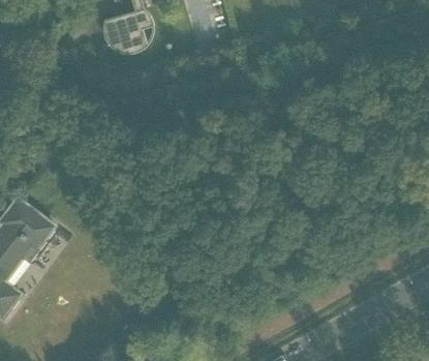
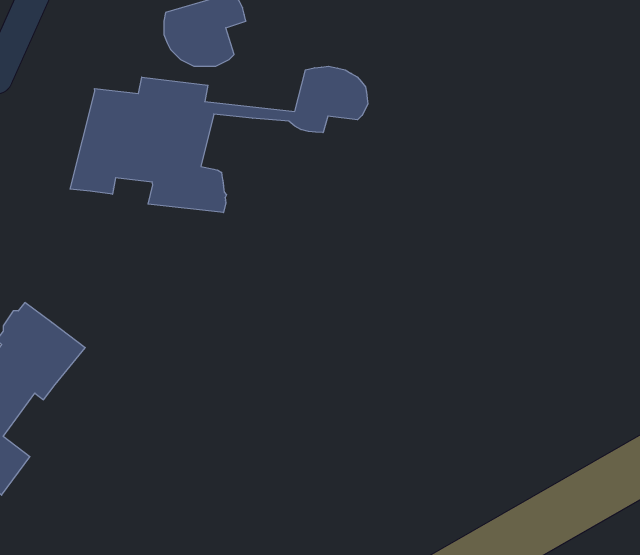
building: none -> [70,66,368,213]

